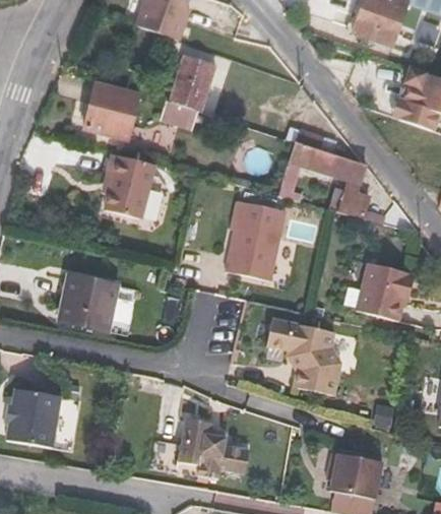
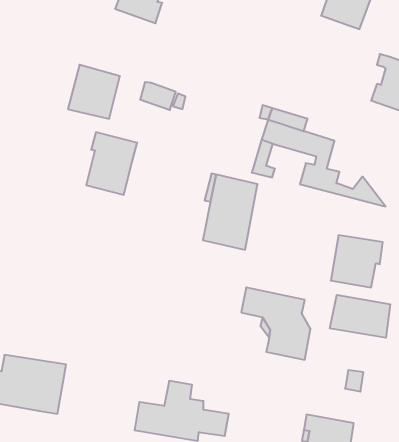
building: [171,54,214,111] -> none
building: [60,274,131,329] -> none
building: none -> [330,295,390,338]

